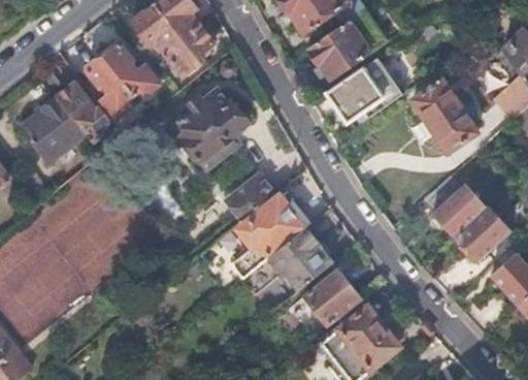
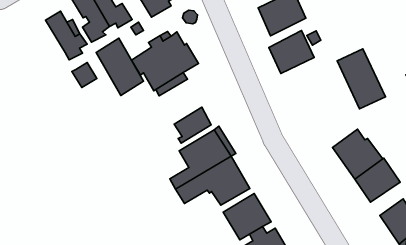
building: [23,98,87,162] -> none
building: none -> [96,38,143,96]

